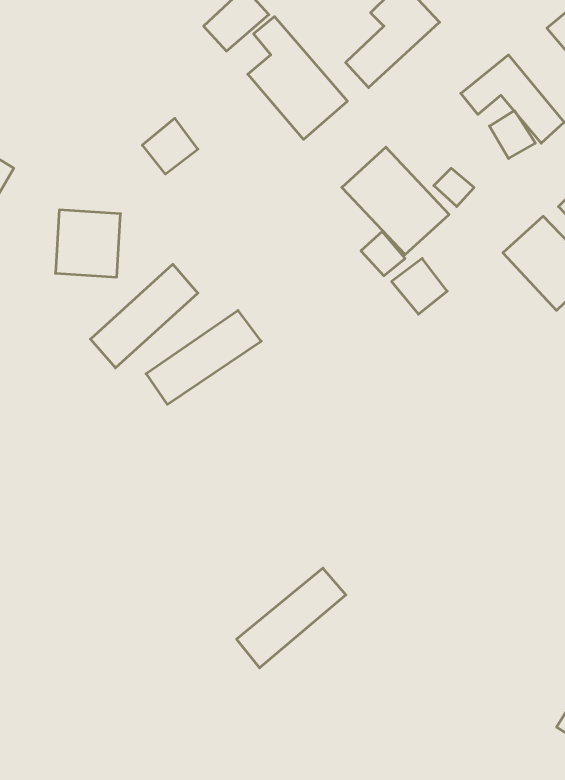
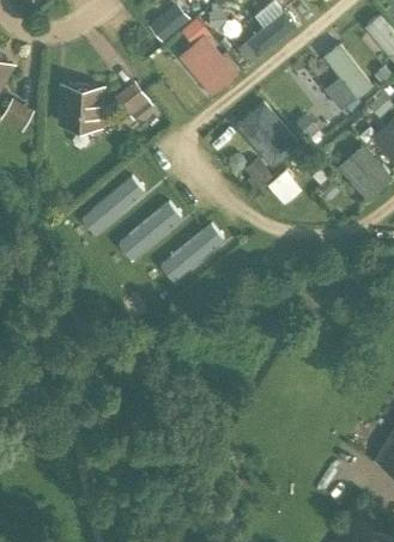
building: [55,210,121,277] -> [56,87,97,129]
building: [237,568,346,668] -> [156,223,224,285]

